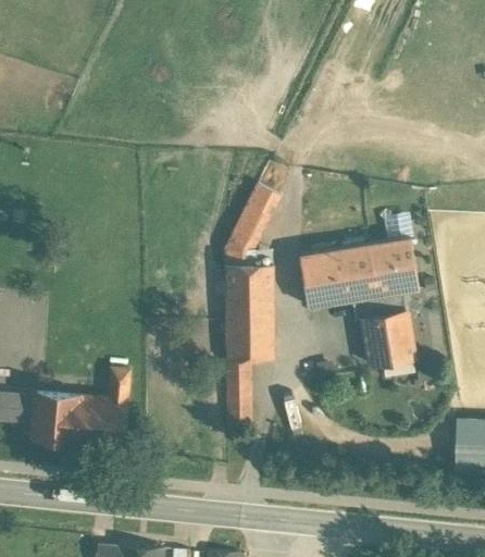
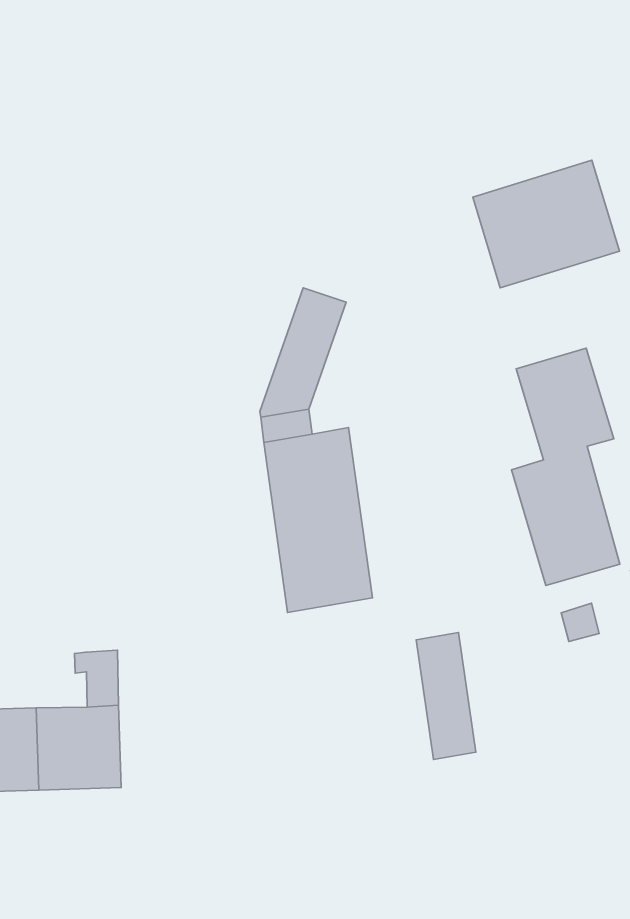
building: [301,244,378,308] -> [473,160,619,288]
building: [226,361,251,430] -> [416,632,476,760]

